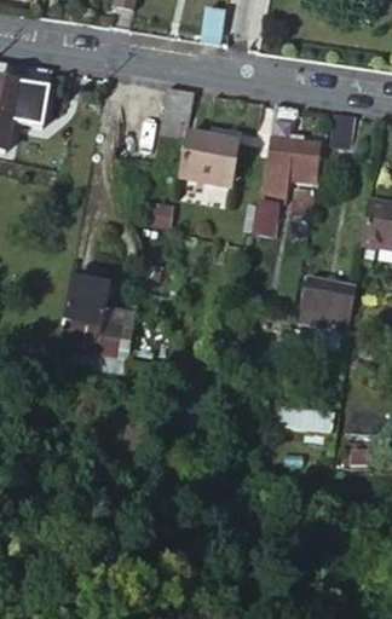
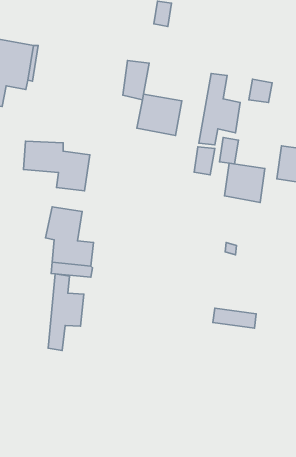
building: none -> [23,141,90,191]
building: [301,278,353,329] -> [224,163,265,202]
building: none -> [48,274,84,350]

